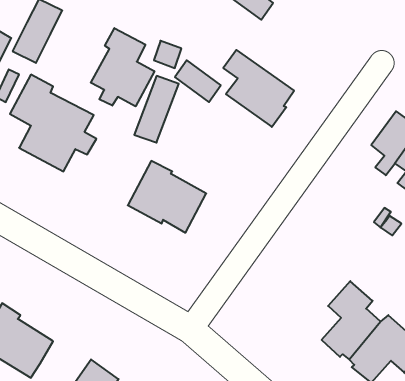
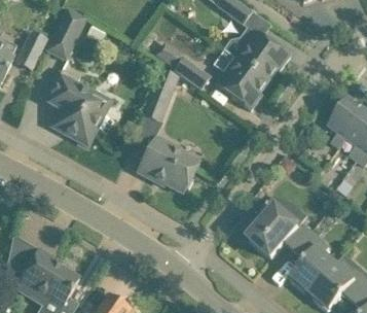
building: none -> [222,27,289,80]
building: [91,28,154,106] -> none
building: none -> [249,200,311,257]

